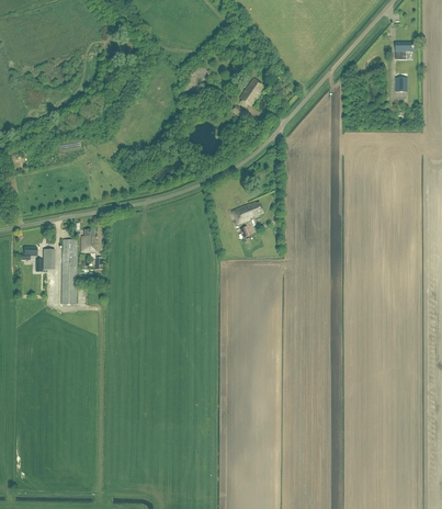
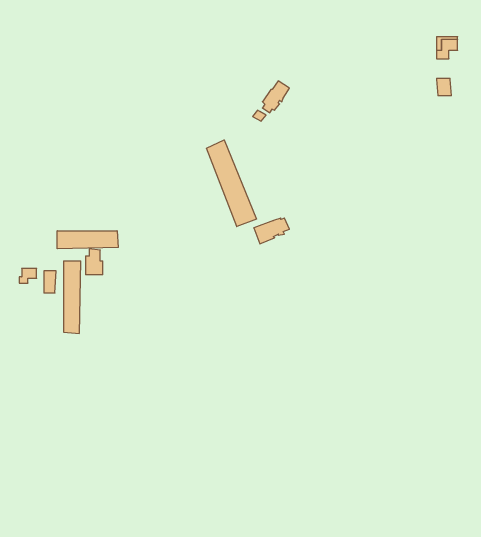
building: none -> [207,140,256,227]
building: none -> [57,231,118,249]

